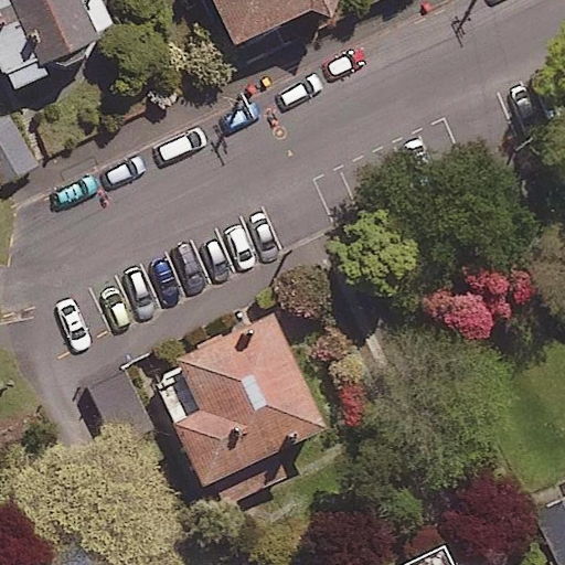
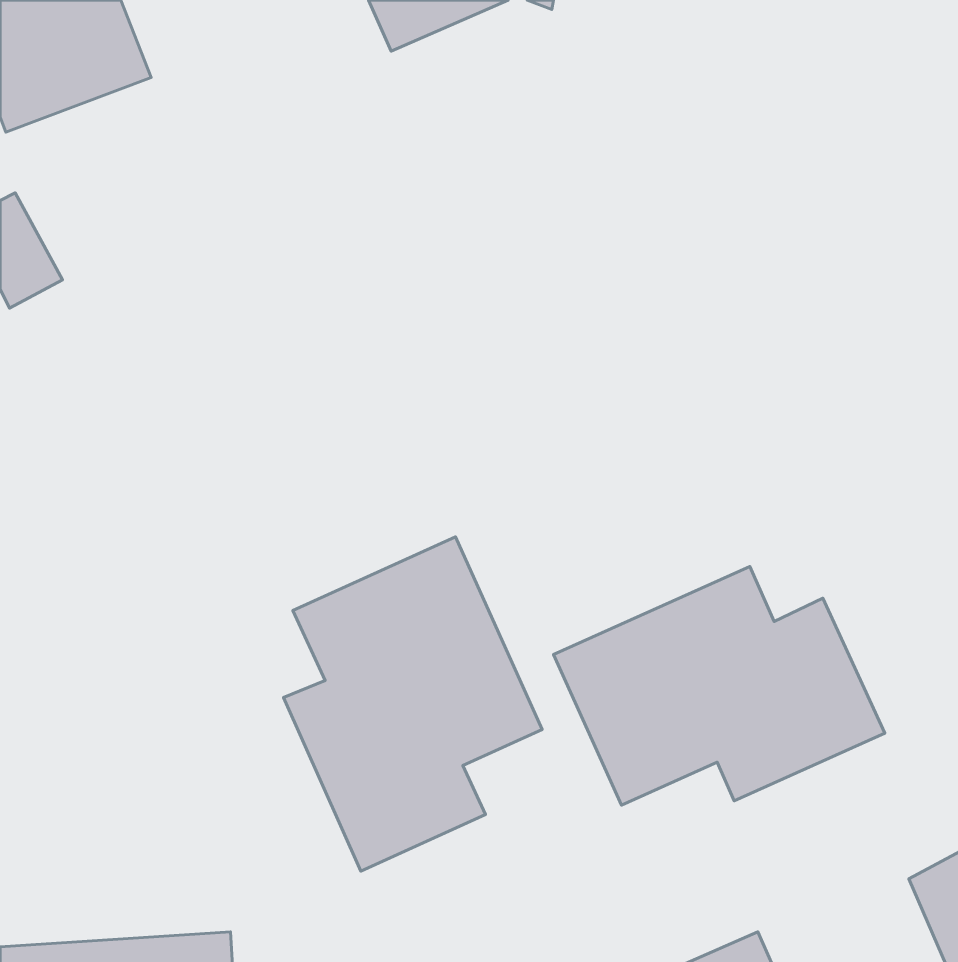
building: none -> [554,566,885,805]

